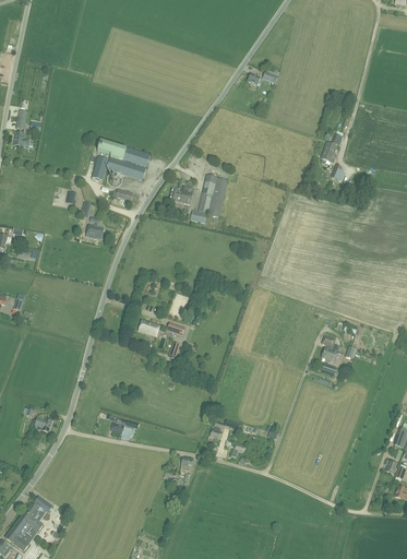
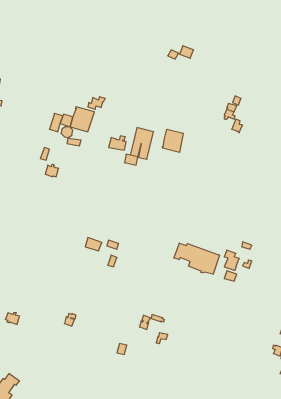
building: none -> [162,129,183,152]
building: none -> [174,243,220,274]

